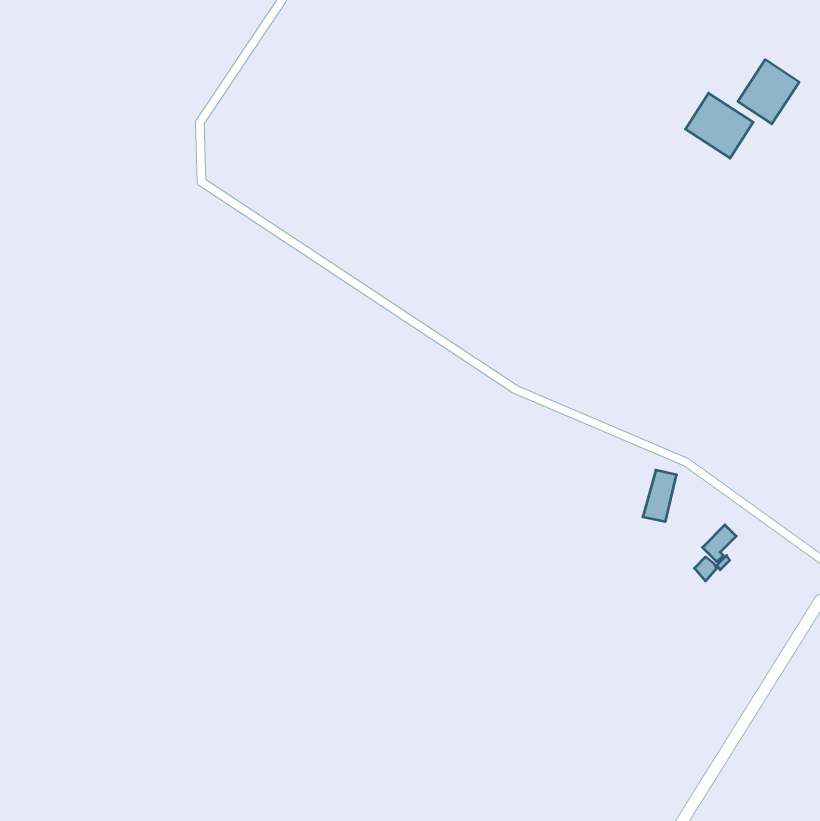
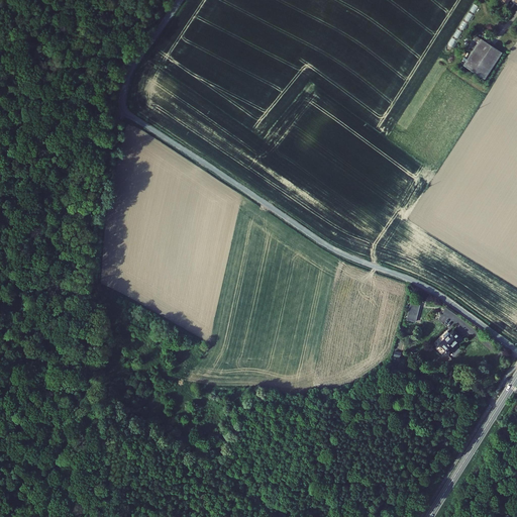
building: [685,93,753,158] -> none

